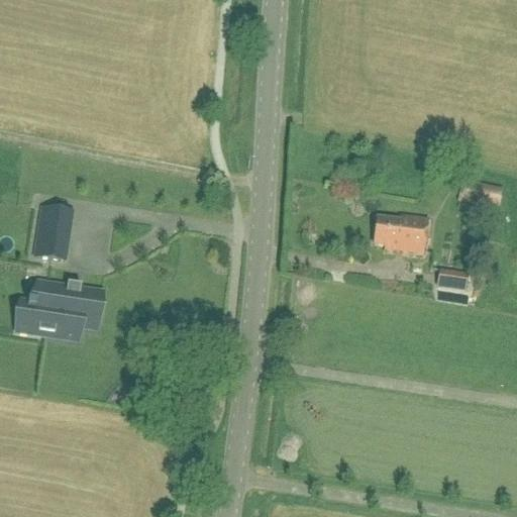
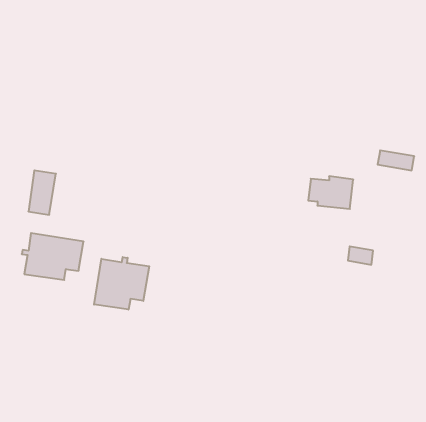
building: [436,268,467,290] -> [348,246,373,265]
building: none -> [94,257,149,310]

